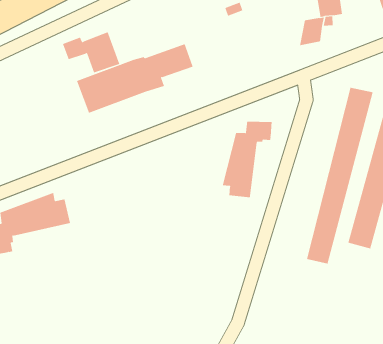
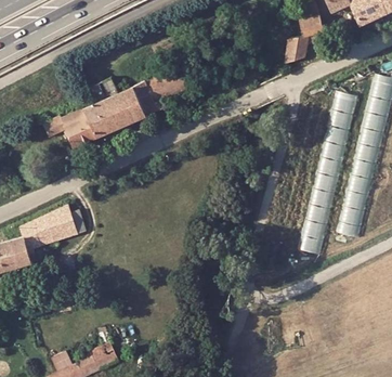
building: [62,31,120,73] -> [41,106,95,145]
building: [222,121,272,198] -> none

